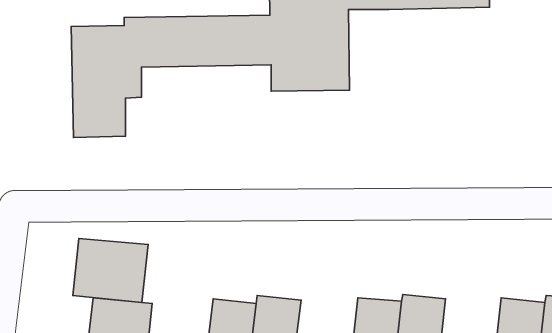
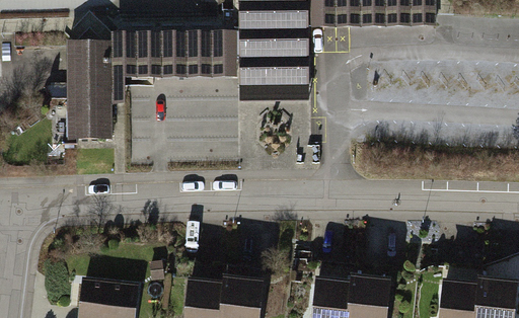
building: [73,238,148,303] -> none

